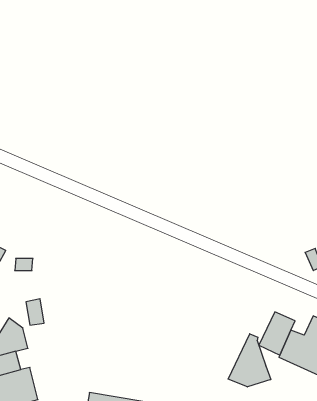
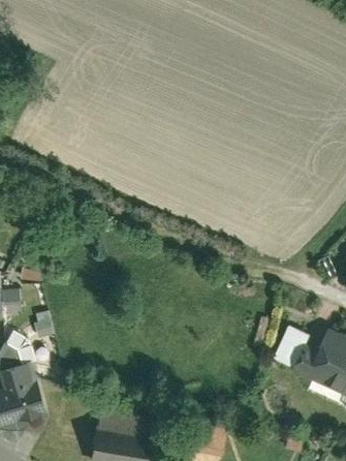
building: [228,334,271,387] -> none

